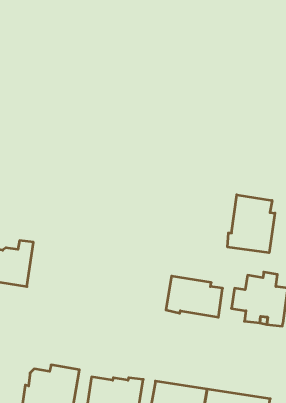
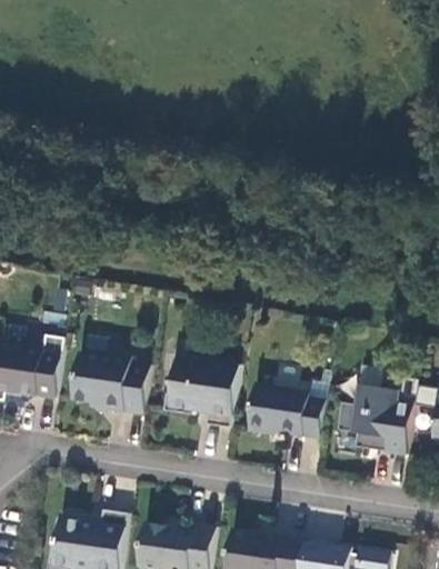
building: [228,195,275,253] -> none
building: none -> [70,353,148,416]
building: none -> [161,356,238,429]

